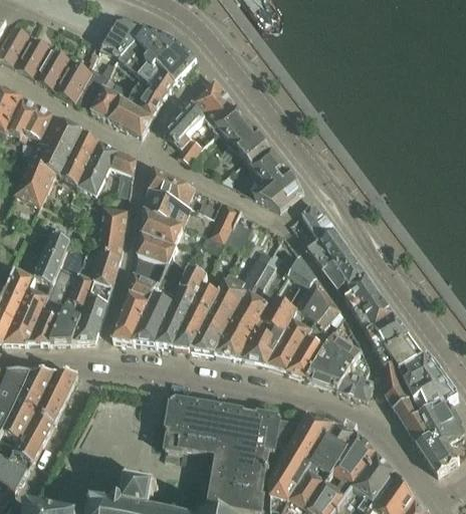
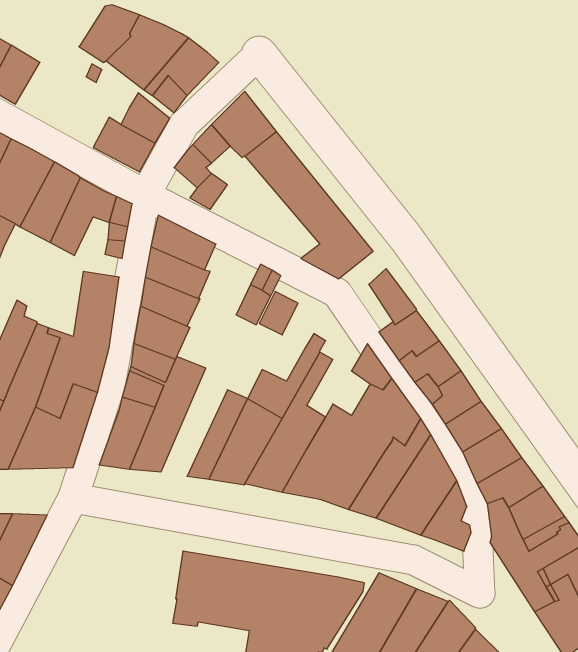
building: [54,59,91,99] -> none
building: [90,81,134,118] -> none
building: [156,270,206,347] -> none

